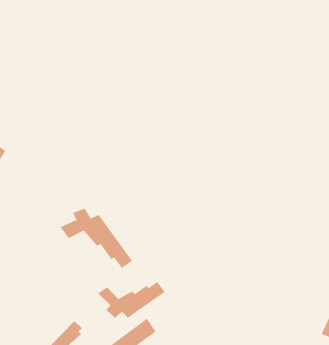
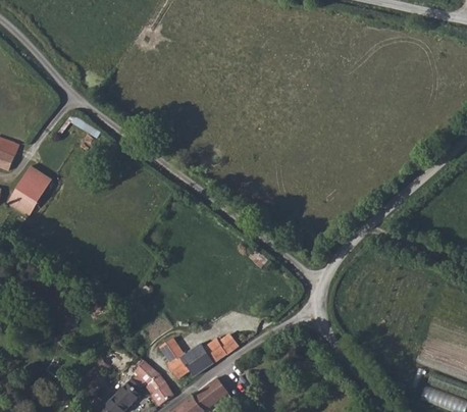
building: [60,208,133,269] -> none
building: none -> [134,359,173,404]

